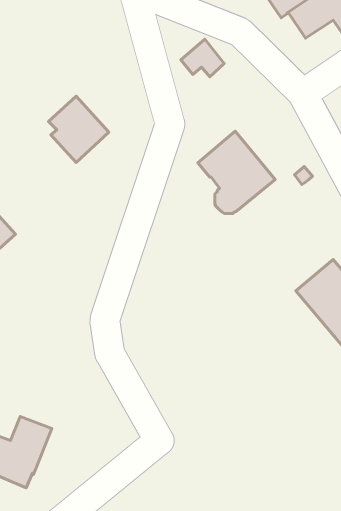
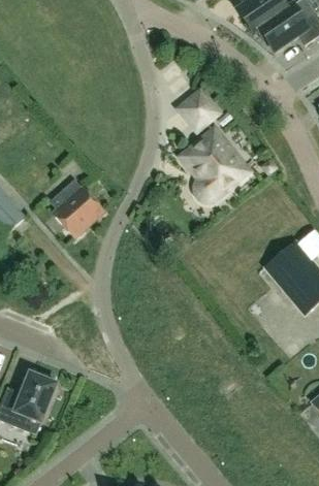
building: [181,39,224,77] -> [180,91,217,123]
building: [48,96,109,163] -> [51,180,102,236]

